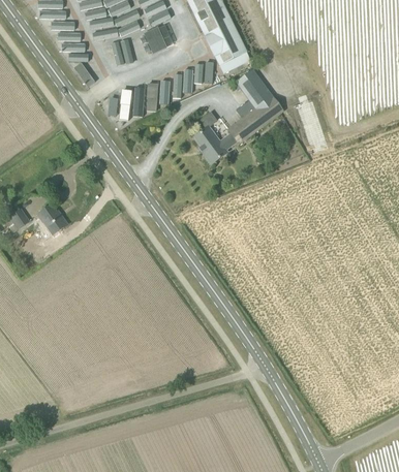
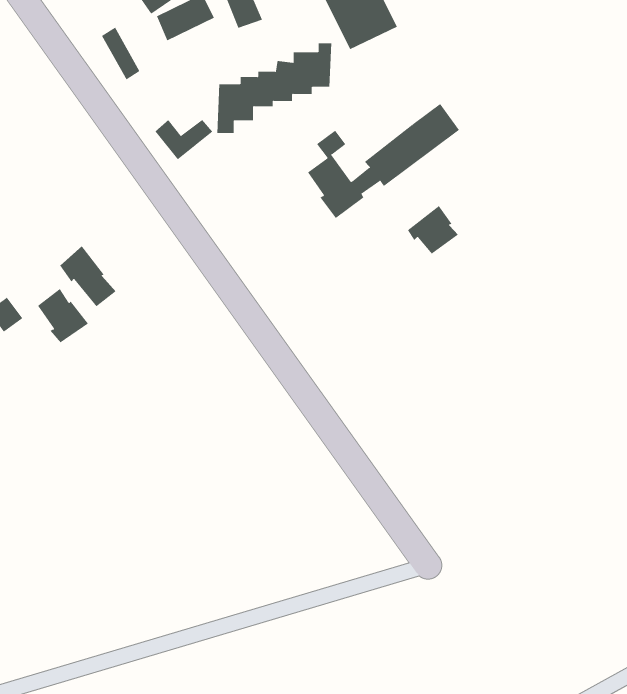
building: [235,68,272,107] -> none
building: none -> [407,205,459,255]
building: none -> [60,245,116,307]

